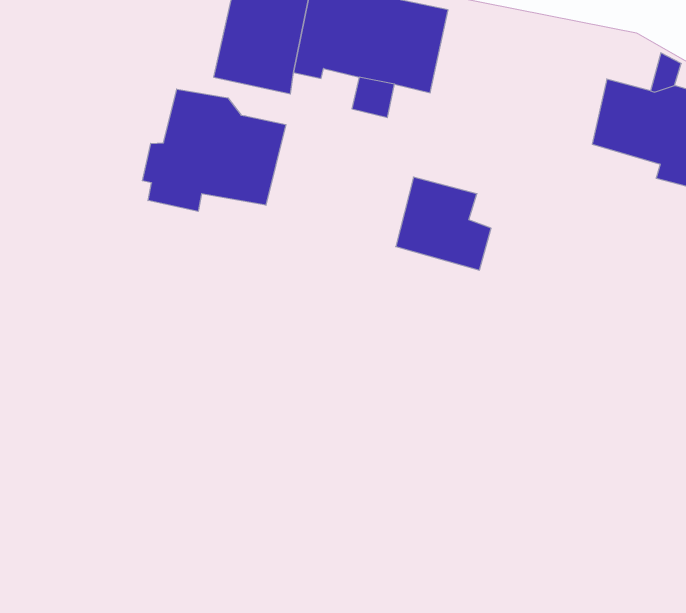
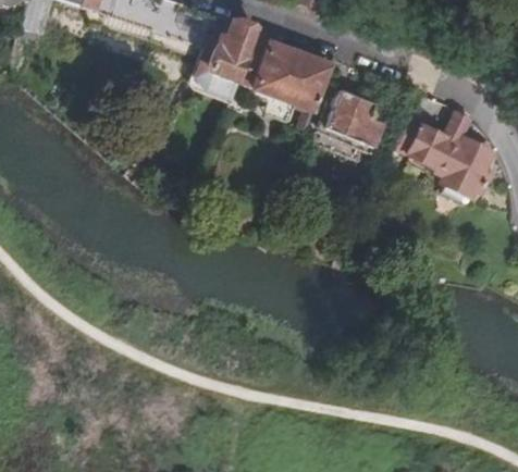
building: [142,89,286,211] -> none
building: [396,177,491,270] -> [328,88,383,146]

